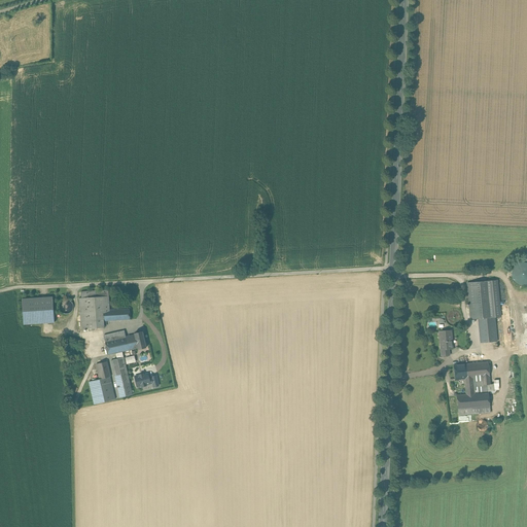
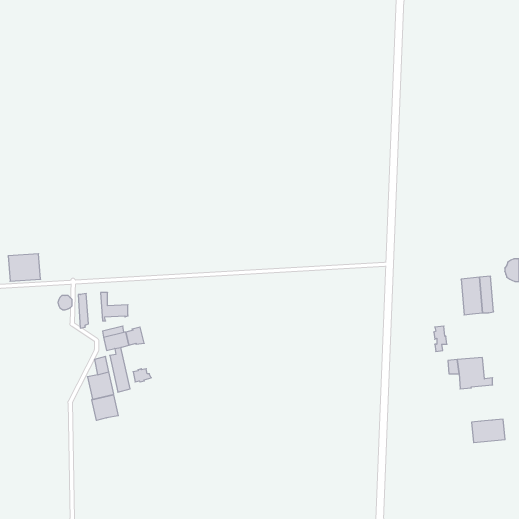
building: [22,296,55,324] -> [8,254,41,281]
building: [87,296,104,328] -> none
building: [479,317,497,343] -> none
building: [457,392,491,416] -> [472,419,505,443]
building: none -> [92,395,118,420]

